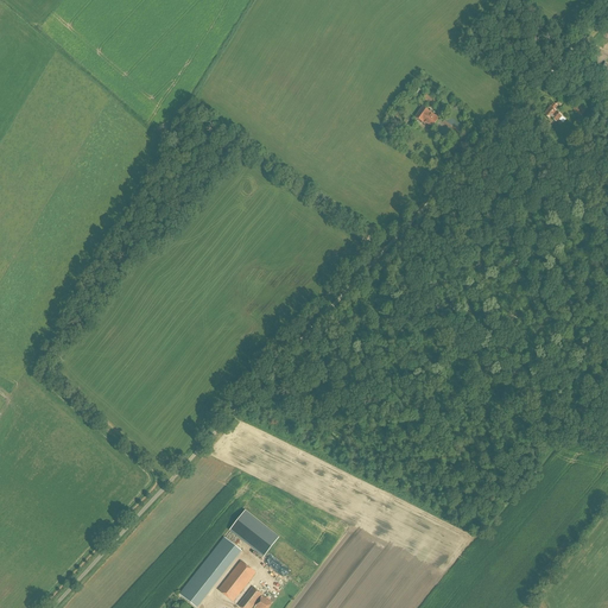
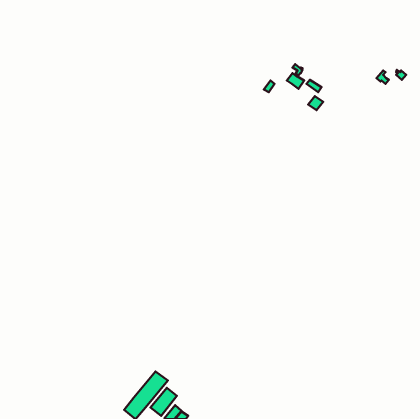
building: [230,511,279,556] -> none

